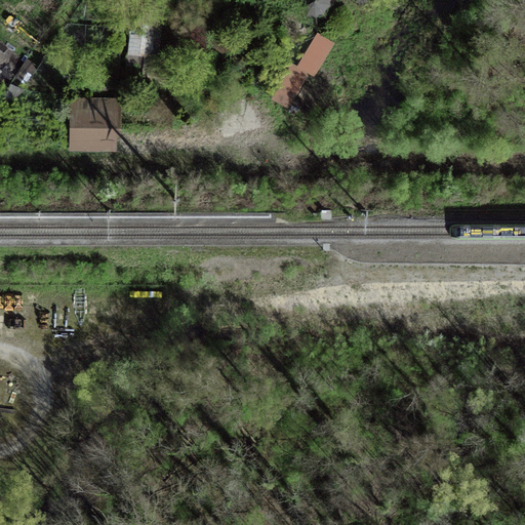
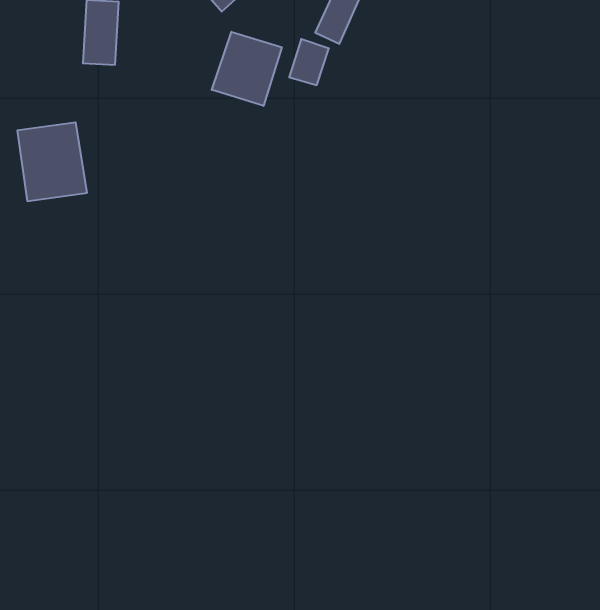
building: none -> [212,32,282,106]

